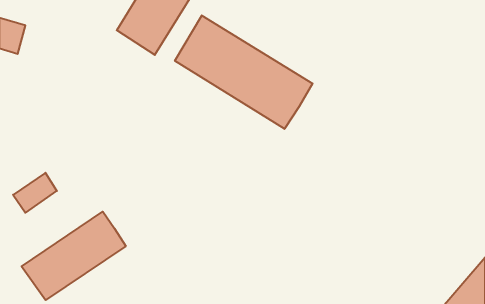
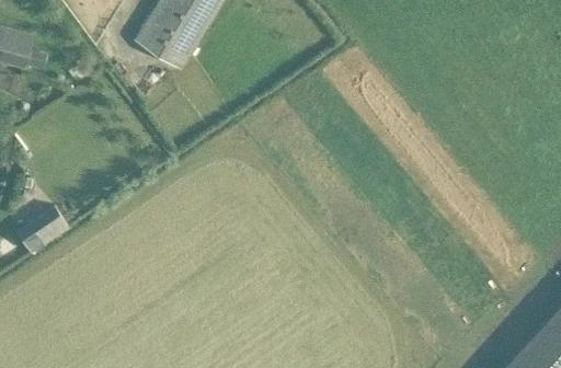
building: [175,15,313,129] -> none
building: [22,212,126,300] -> none

